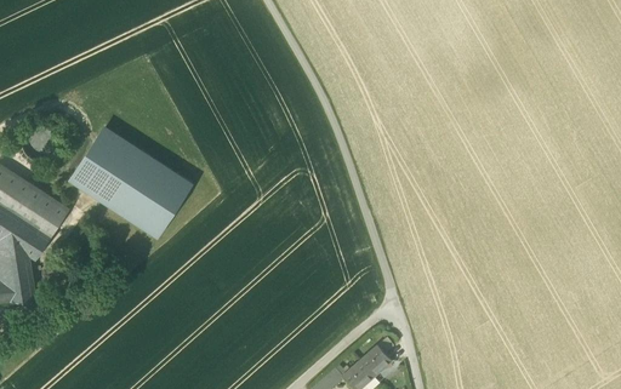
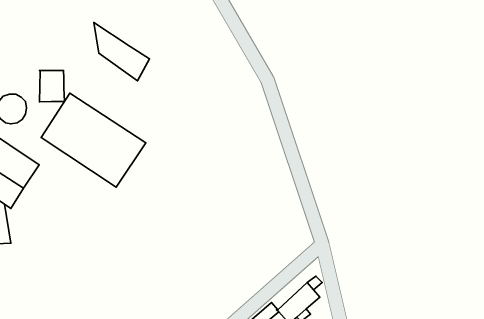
building: none -> [94,23,149,81]
building: none -> [39,70,64,102]

